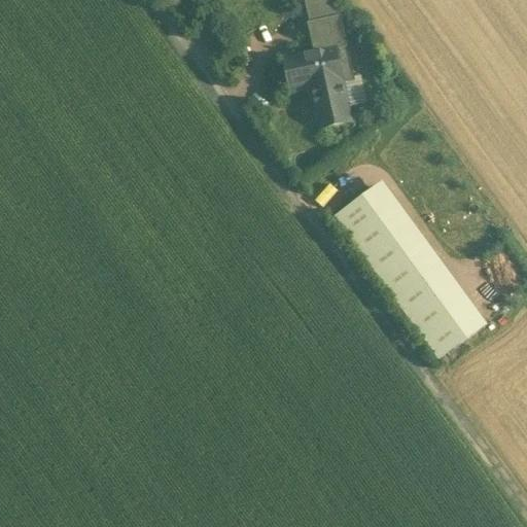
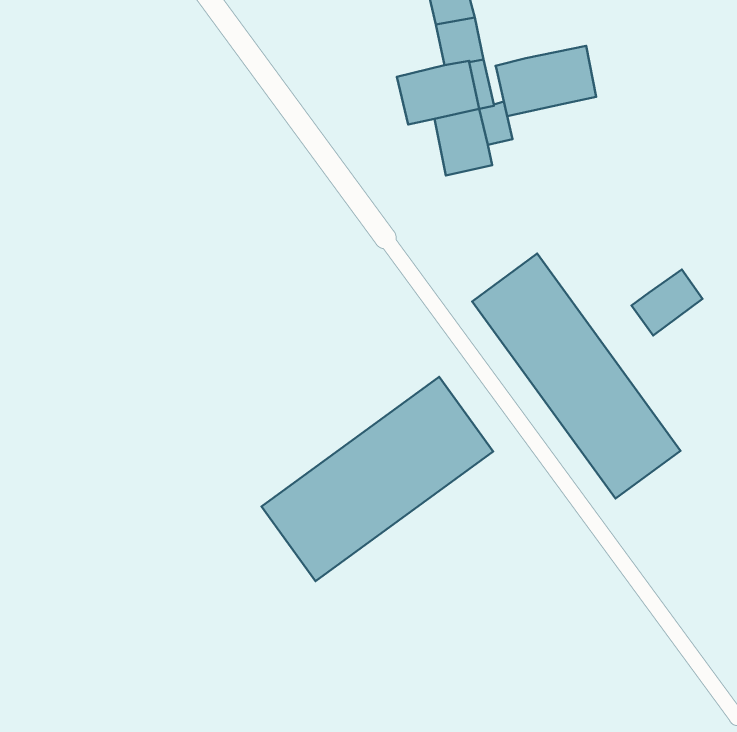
building: none -> [495,46,596,116]
building: none -> [631,269,703,335]
building: none -> [261,377,493,581]

